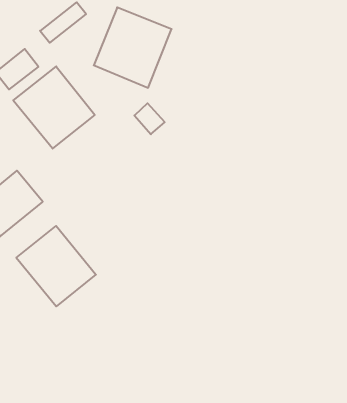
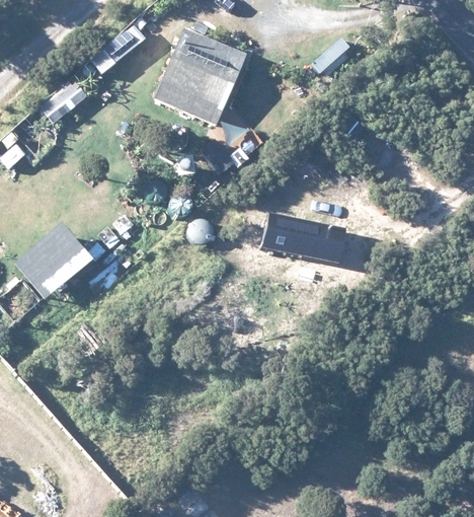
building: [13,66,95,149] -> none
building: [16,226,96,306] -> none

